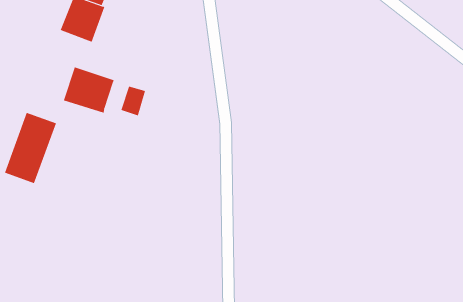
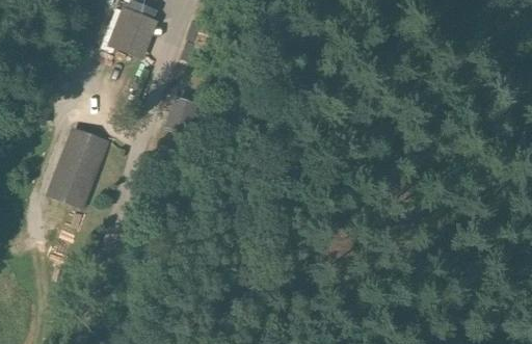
building: [63,67,114,113] -> none

